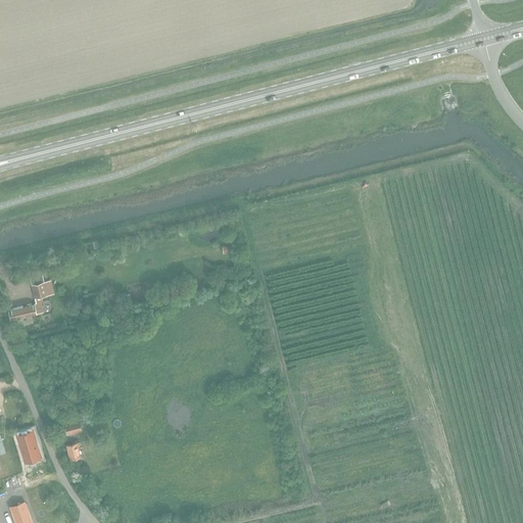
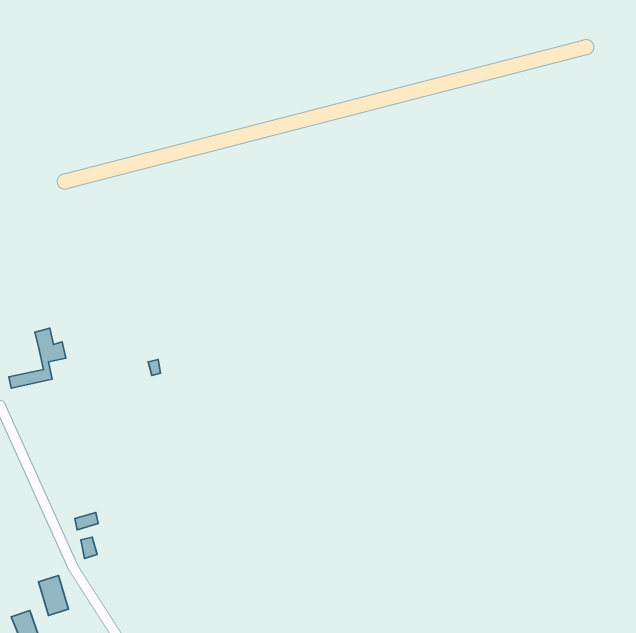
building: [16,431,41,464] -> [39,576,68,615]

